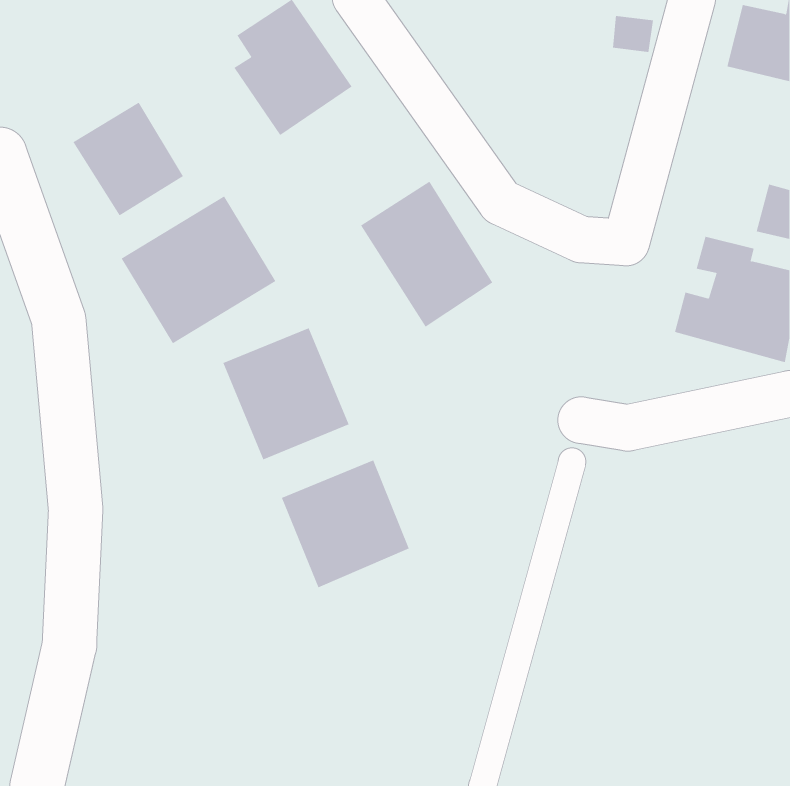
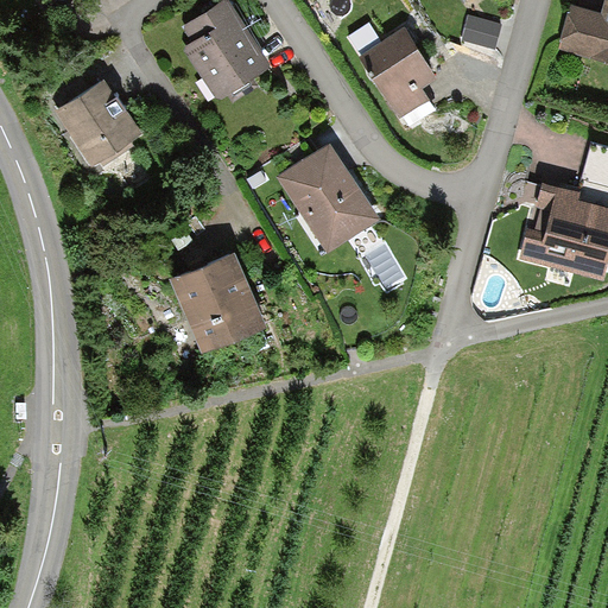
building: none -> [355,26,433,129]
building: [121,196,276,344] -> none
building: [281,460,409,588] -> none

